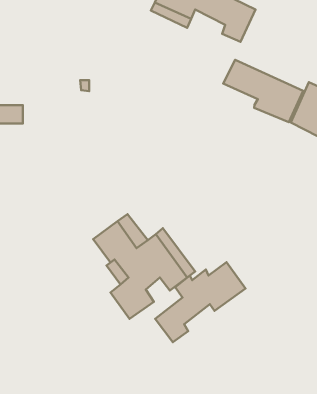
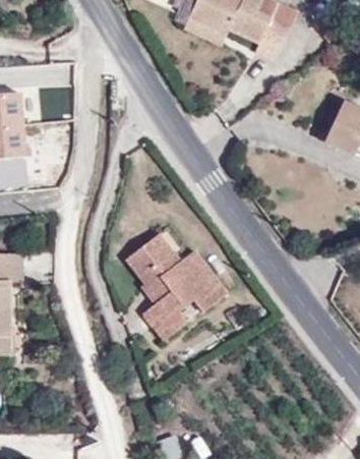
building: [223,60,303,122] -> none
building: [155,262,245,342] -> none

